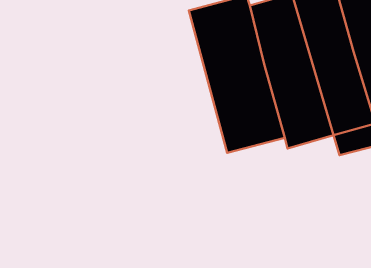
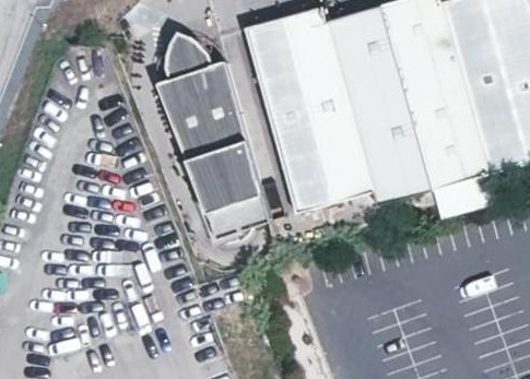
building: none -> [152,25,271,237]

